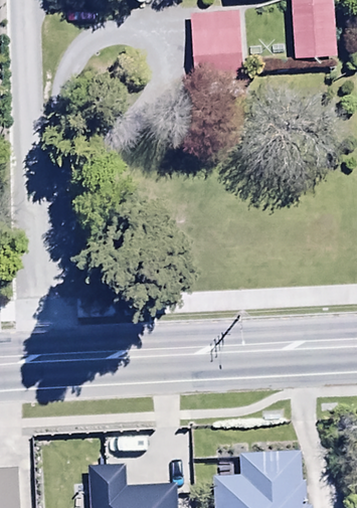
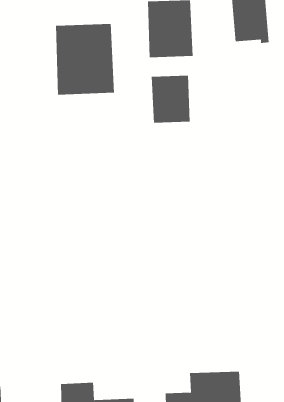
building: none -> [55,23,115,95]
building: none -> [151,75,190,124]

